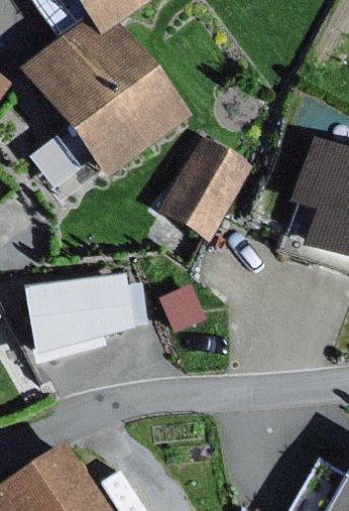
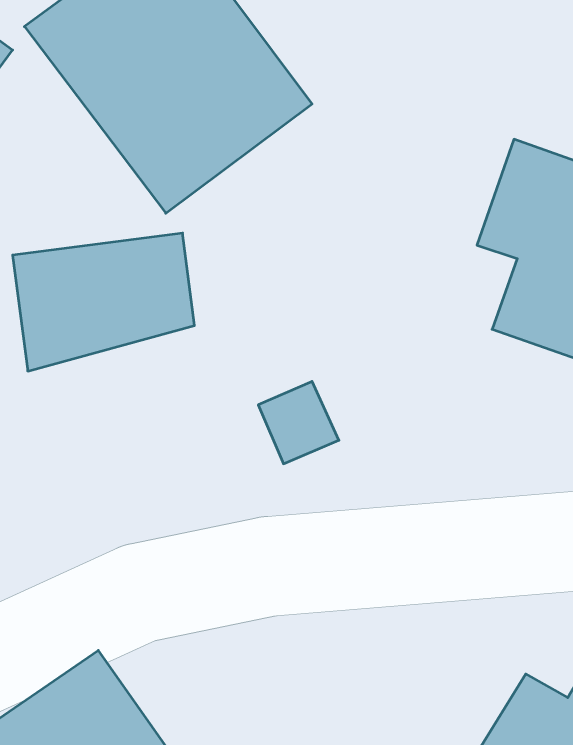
building: [159,133,256,239] -> none
building: [24,272,133,355] -> [13,233,194,371]

